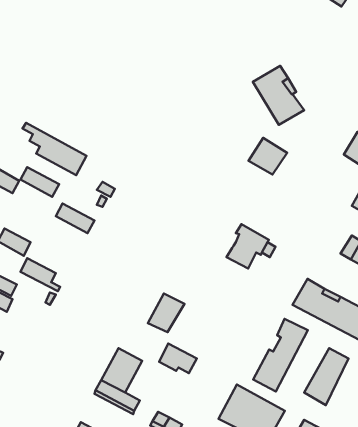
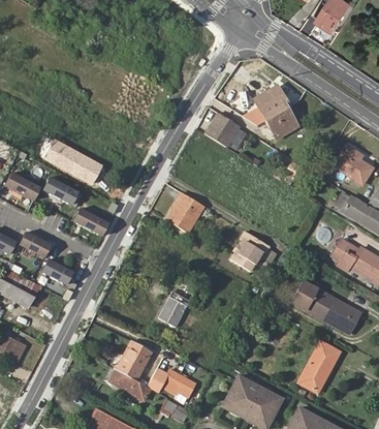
building: [248,138,287,174] -> [206,114,241,147]
building: none -> [163,190,199,229]
building: [253,319,308,391] -> none
building: [159,344,197,373] -> [161,369,195,396]

